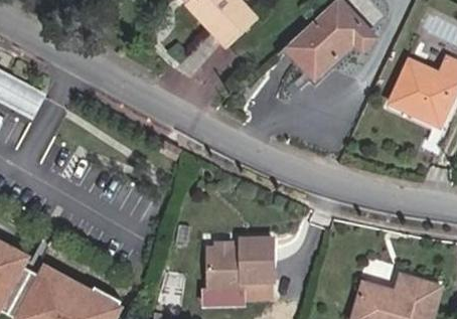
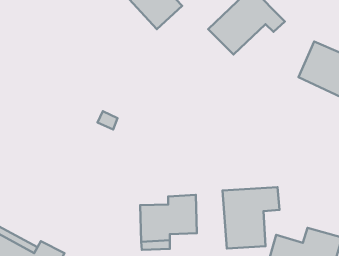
building: none -> [222,187,279,248]

